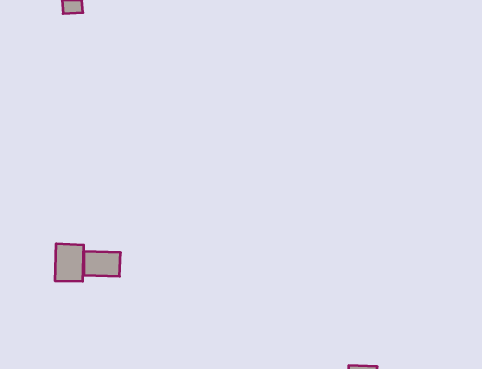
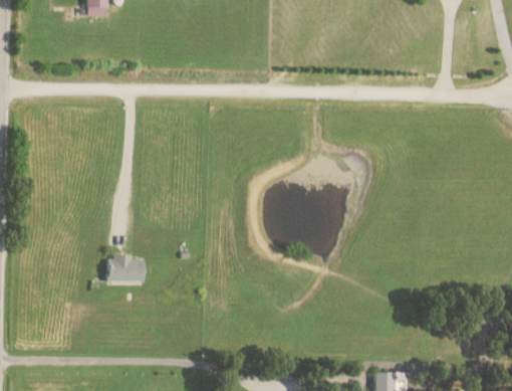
building: [55,244,84,281] -> none

